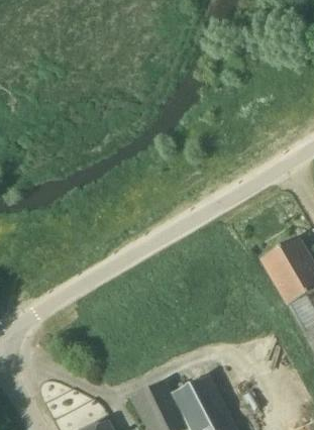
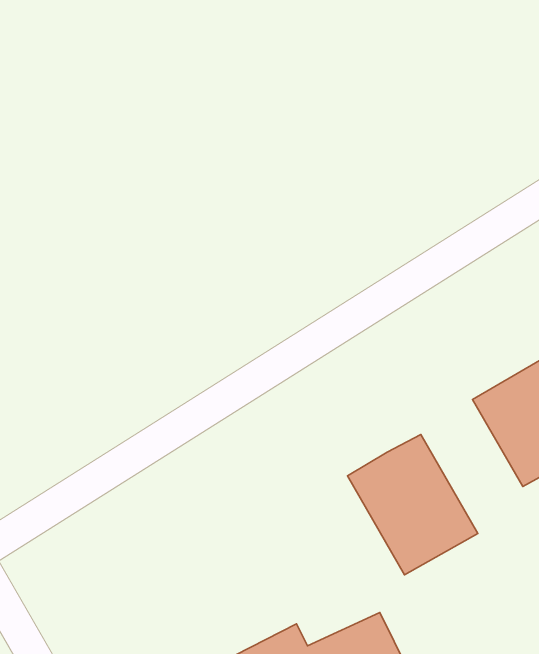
building: none -> [347,434,478,575]

